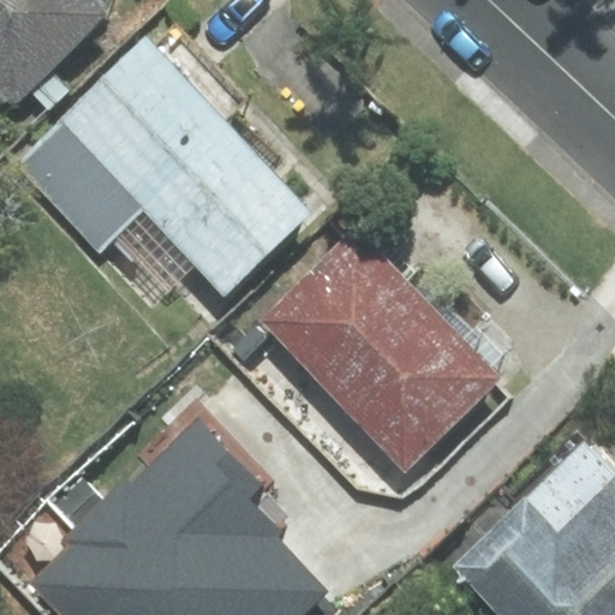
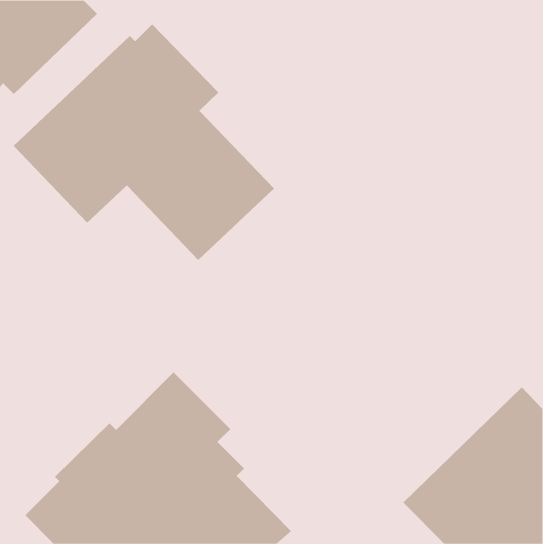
building: [262,232,496,467] -> none

